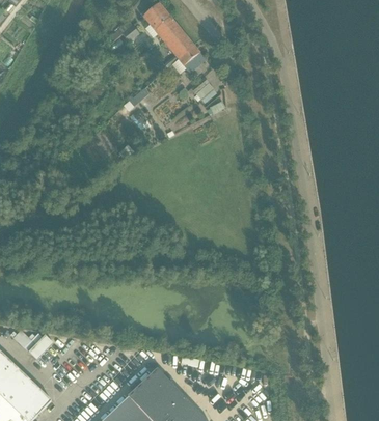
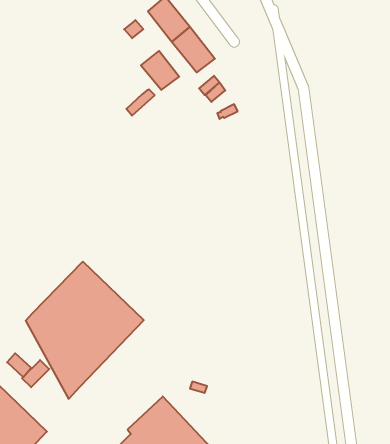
building: none -> [141,51,179,90]
building: none -> [26,262,144,399]

